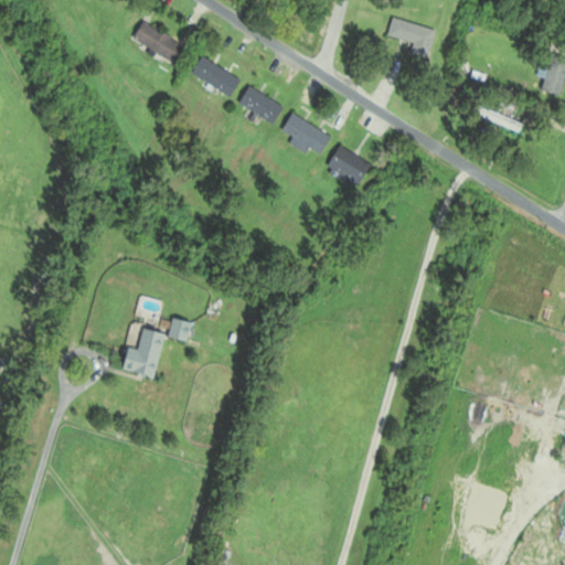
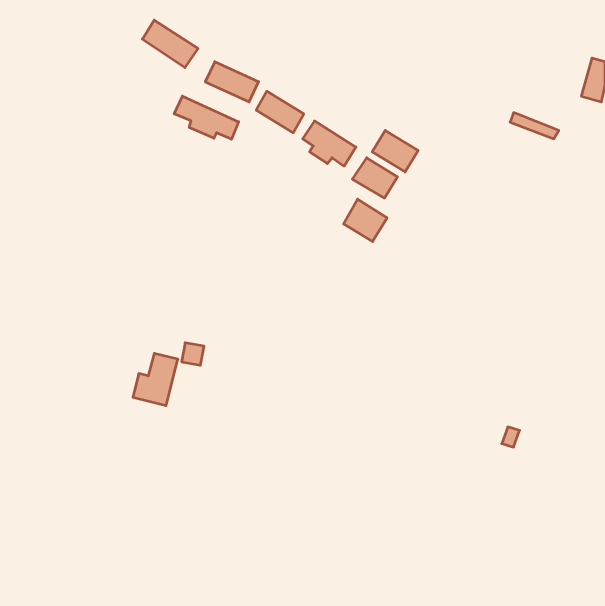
building: [387,20,433,57] -> none
building: none -> [174,96,239,139]
building: none -> [372,130,418,172]
building: none -> [344,199,387,242]

